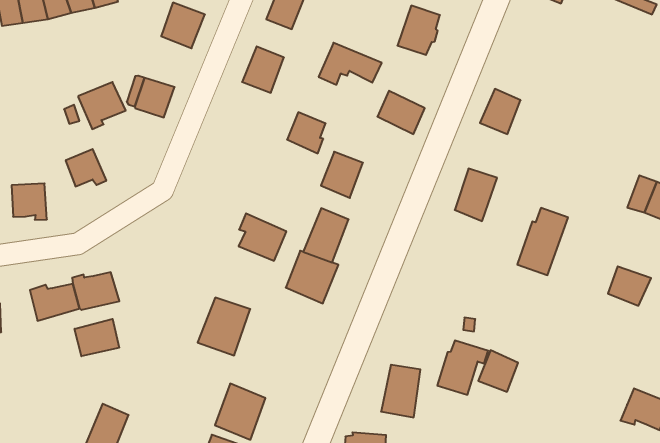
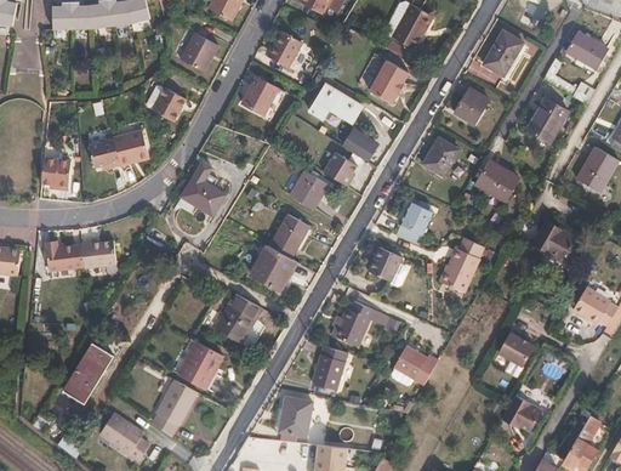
building: none -> [529,97,569,141]
building: none -> [455,86,490,124]
building: [78,82,126,129] -> [112,130,148,165]
building: none -> [477,161,518,202]
building: [287,112,326,153] -> [323,149,355,185]
building: [239,213,286,261] -> [183,175,223,216]
building: none -> [365,244,399,278]
building: [608,266,651,306] -> [497,334,534,368]
building: [198,298,250,355] -> [216,295,262,344]
building: [75,319,119,356] -> none
building: [437,340,488,395] -> [335,302,380,347]

